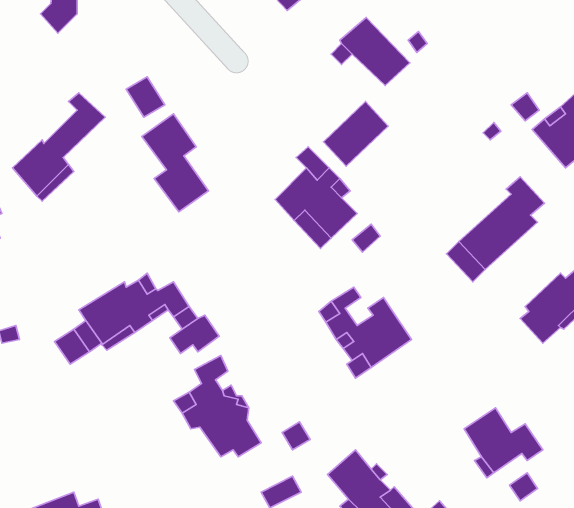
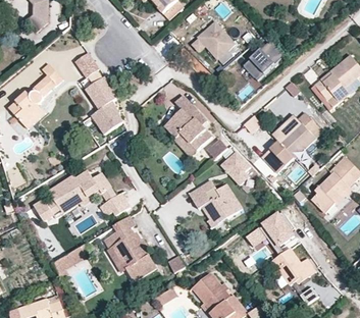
building: [323,101,388,166] -> [244,41,281,78]
building: none -> [221,151,247,182]
building: none -> [245,211,294,247]
building: none -> [51,245,85,276]

